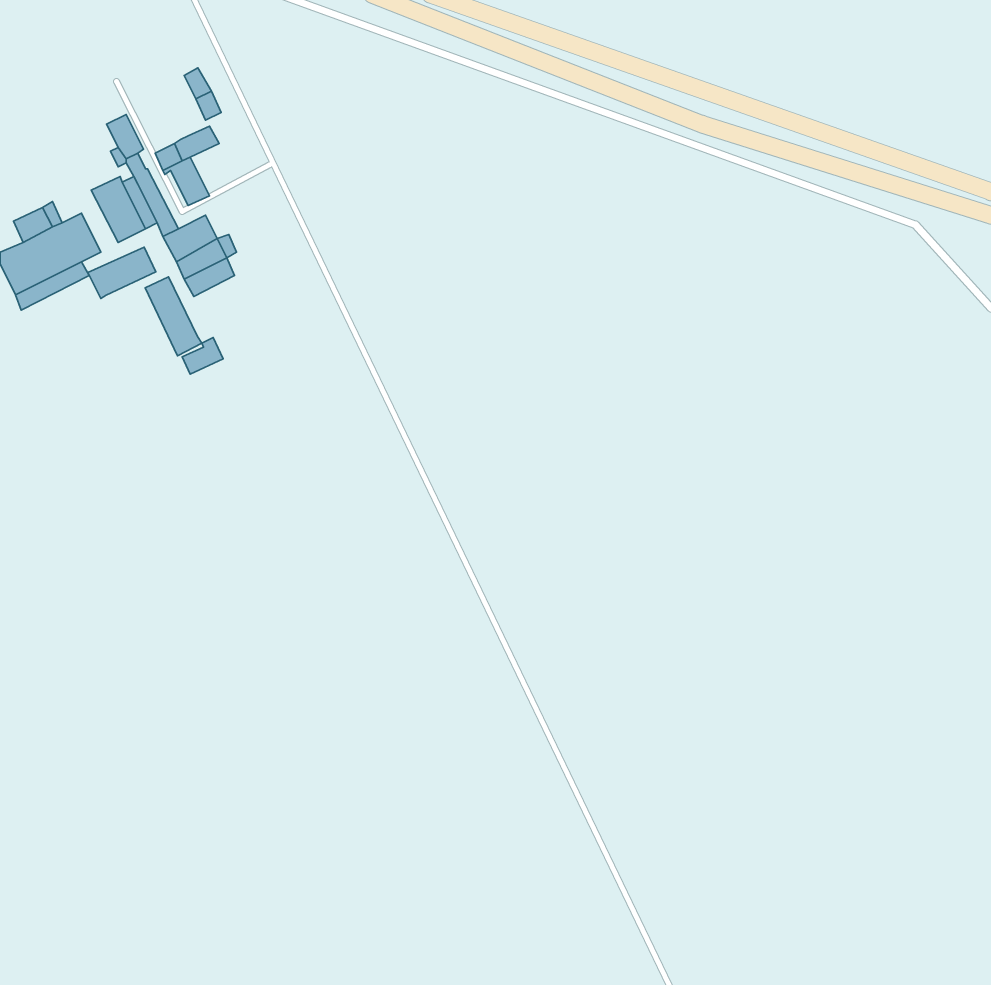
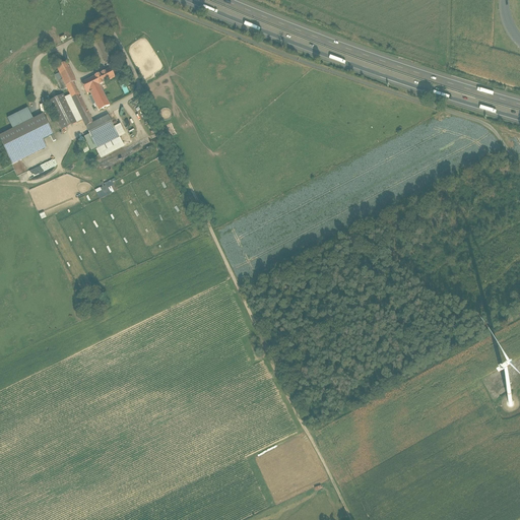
building: [88,247,156,298] -> none
building: [145,277,202,356] -> none

